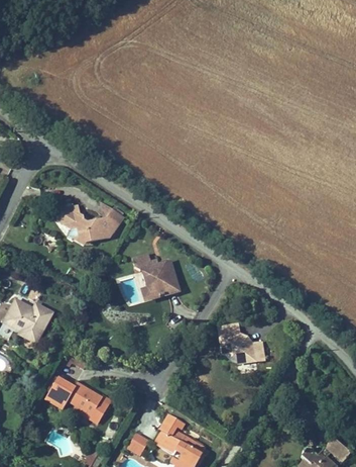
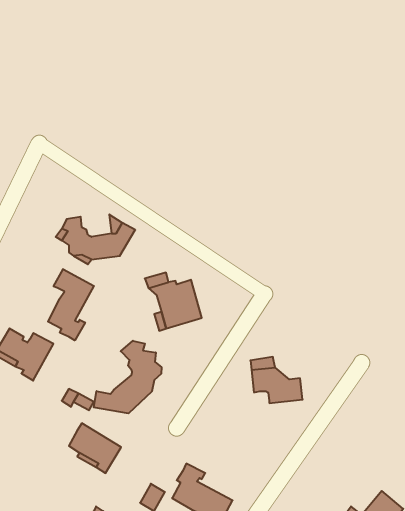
building: none -> [48,269,94,340]
building: none -> [94,341,161,413]
building: [43,375,74,407] -> none

